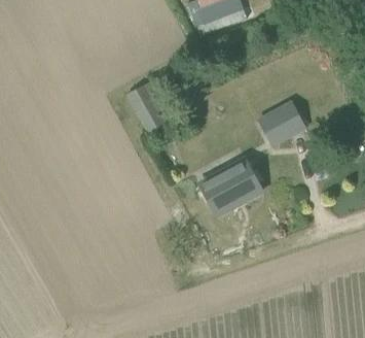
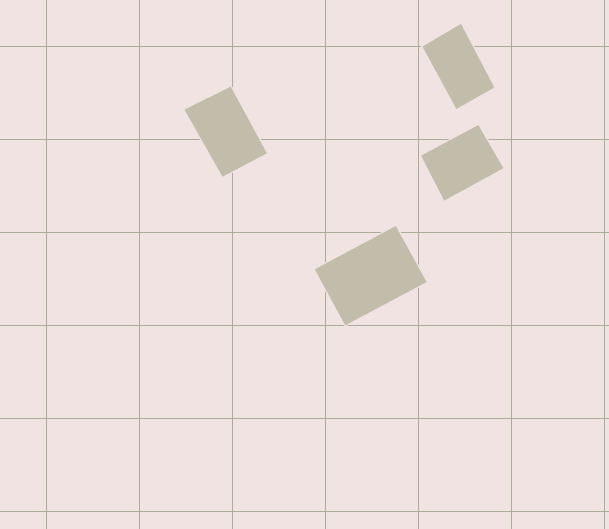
building: none -> [422,23,495,110]

